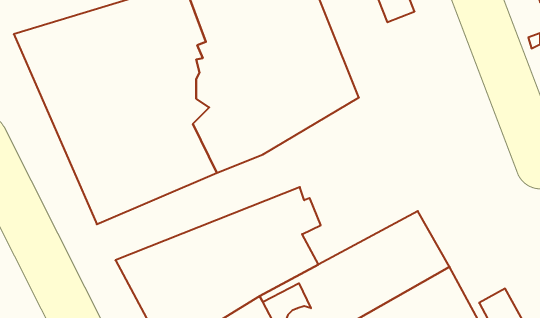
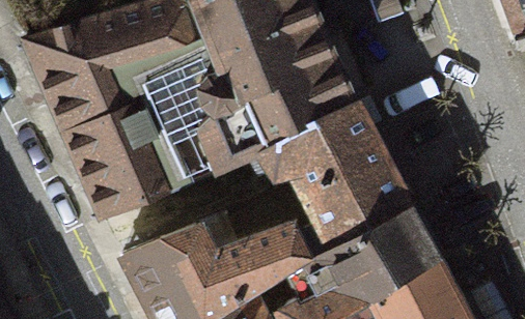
building: none -> [260,99,408,258]

